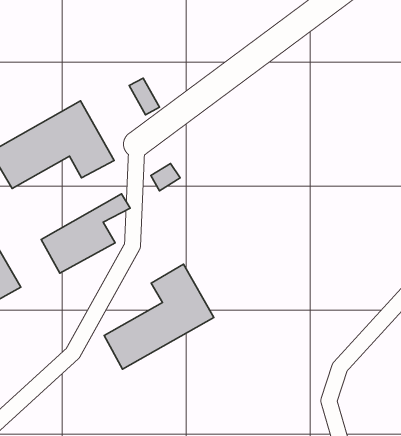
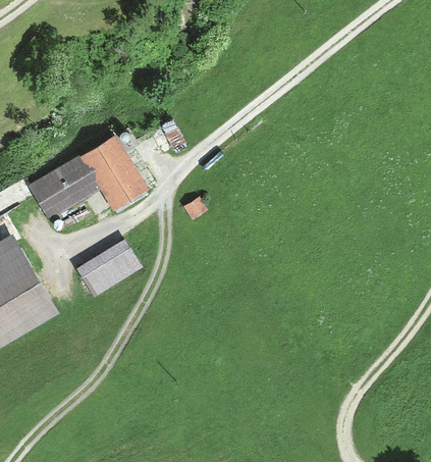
building: [104,264,214,369] -> none

